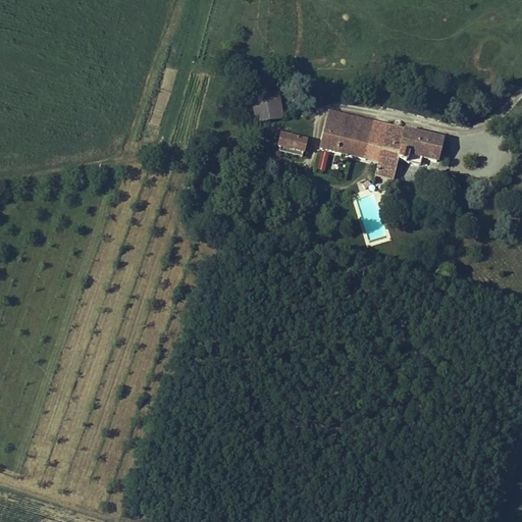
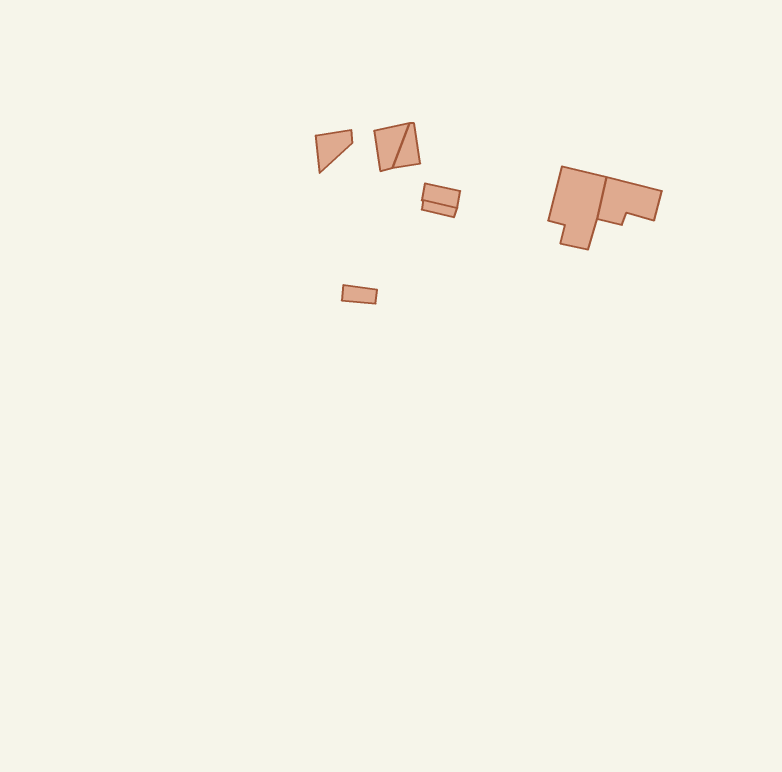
building: none -> [316,130,352,173]
building: [321,109,375,156] -> none

